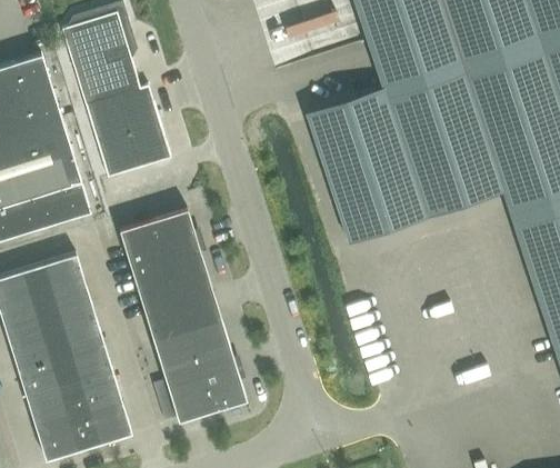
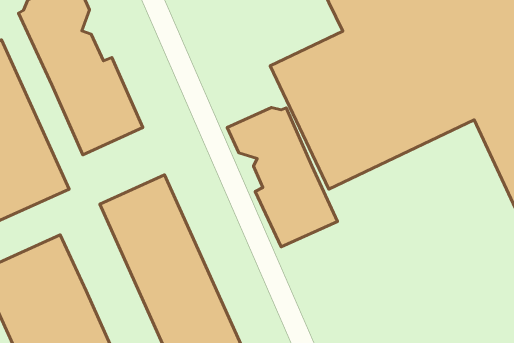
building: none -> [227,107,338,247]

